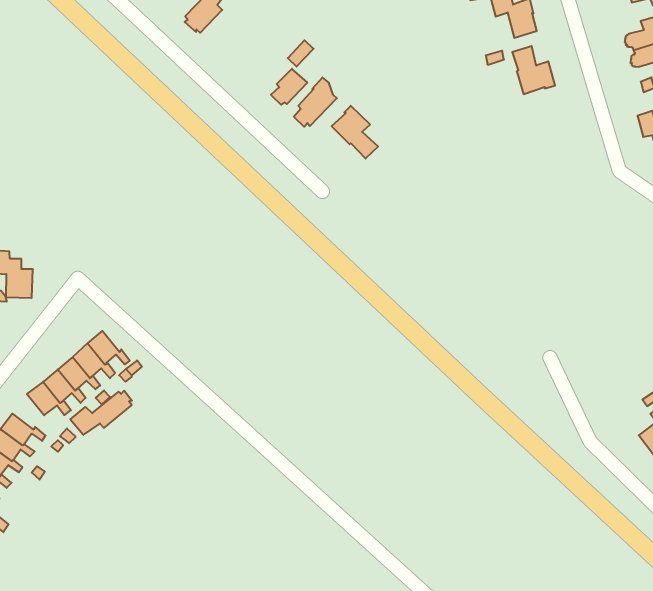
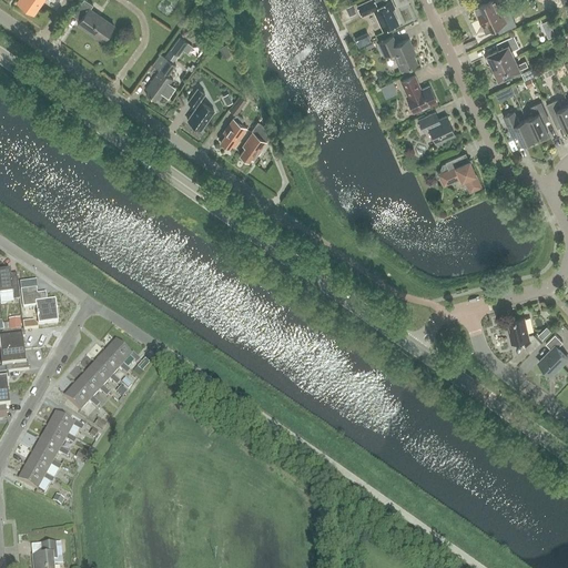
building: none -> [185,89,214,131]
building: none -> [417,113,454,145]
building: [332,106,378,159] -> none
building: none -> [438,153,478,191]
building: none -> [507,318,540,354]
building: [70,391,132,435] -> none

